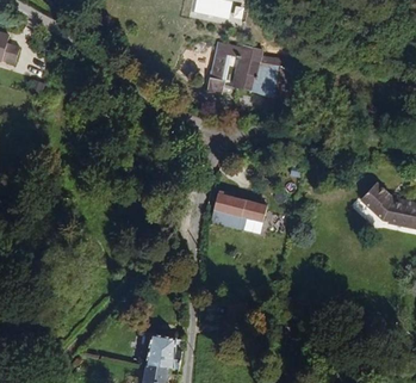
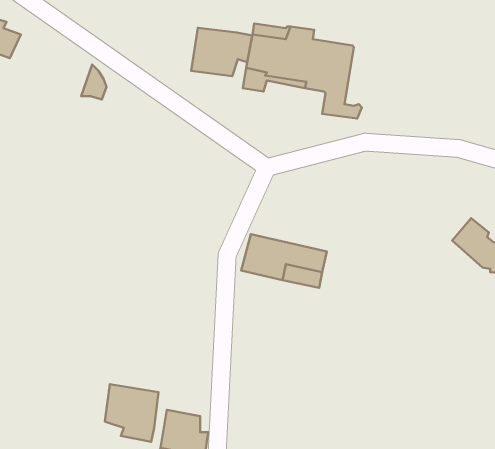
building: none -> [191,28,252,76]
building: none -> [105,384,159,442]

